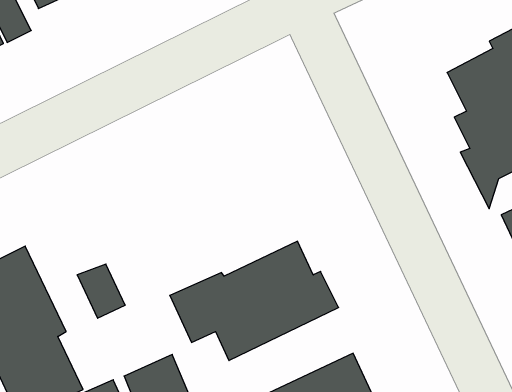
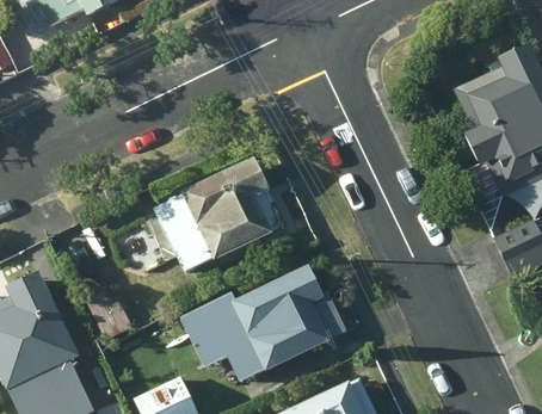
building: none -> [142,156,282,273]

